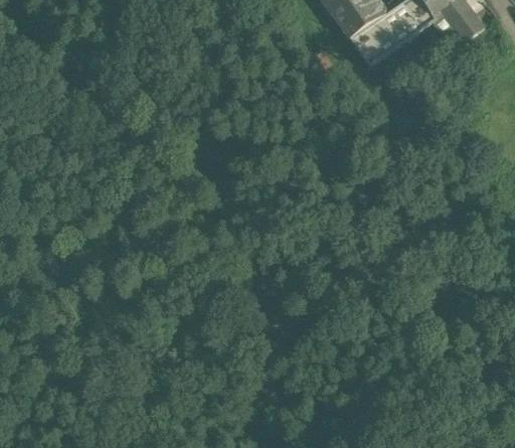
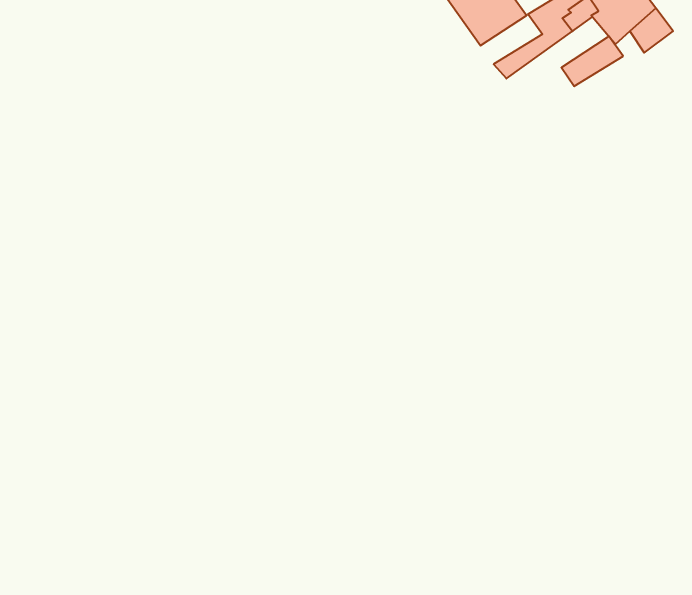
building: [350,13,393,48] -> [561,36,623,86]

